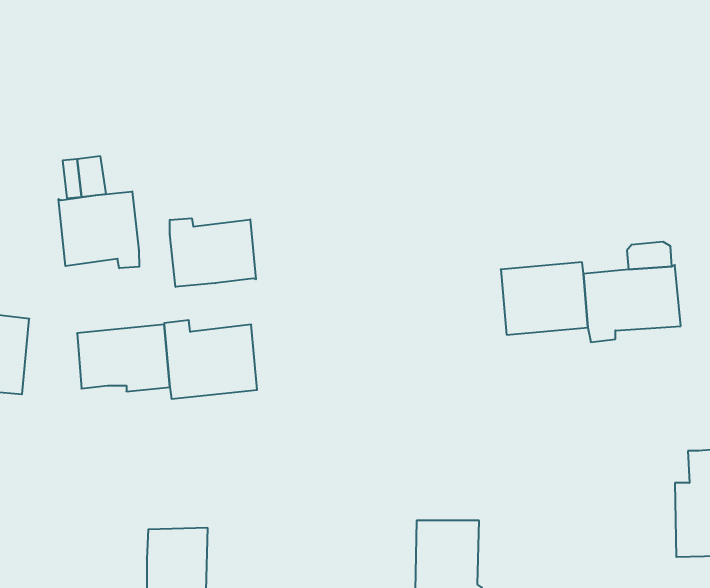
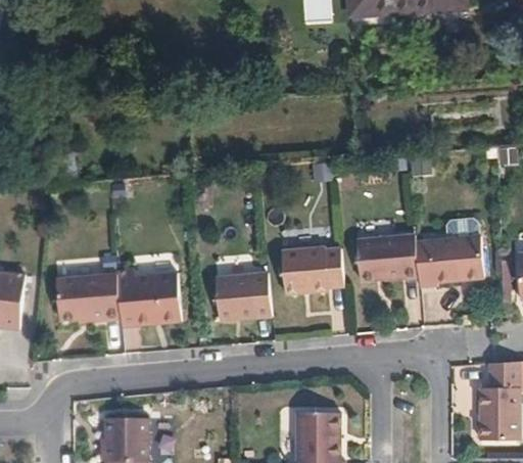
building: [59,191,139,268] -> none
building: [170,218,256,287] -> none
building: none -> [280,246,343,294]
building: none -> [217,275,273,322]

